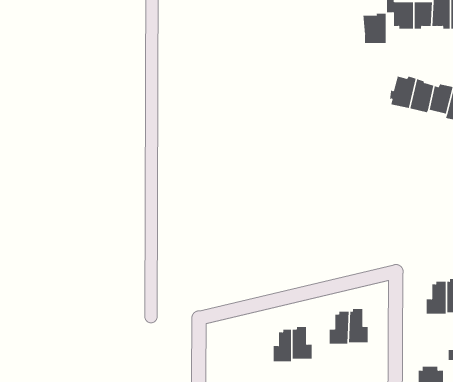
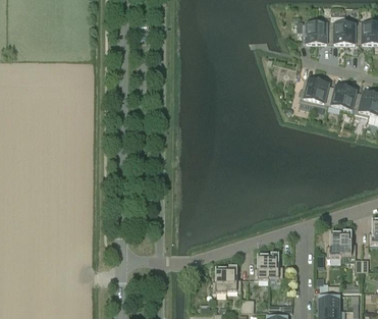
building: [363,13,386,44] -> none

